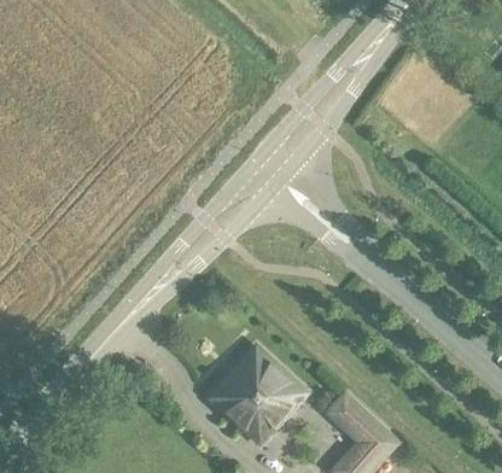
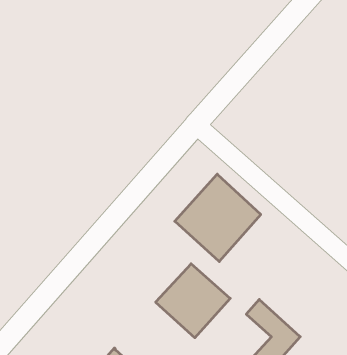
building: none -> [175,174,261,262]

